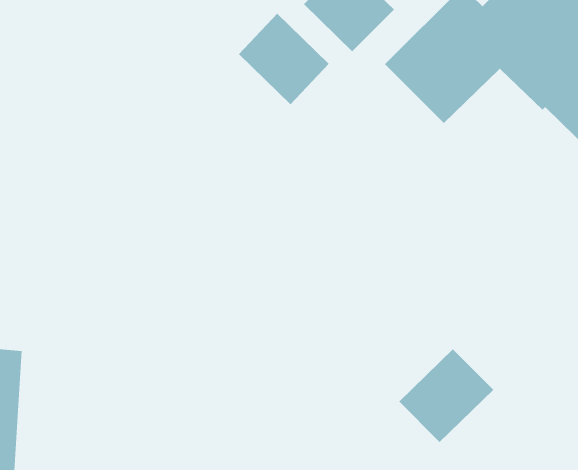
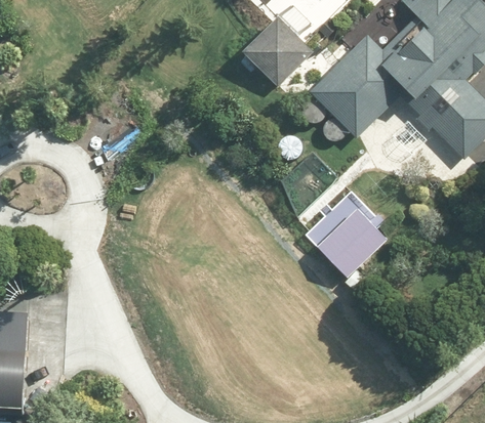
building: [238,13,329,105] -> none
building: [398,349,494,443] -> [312,207,386,280]

